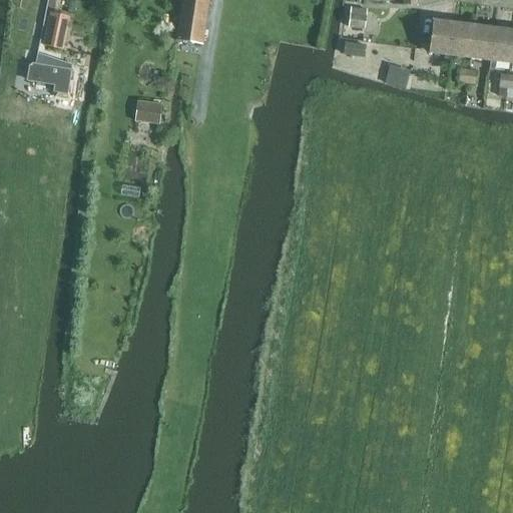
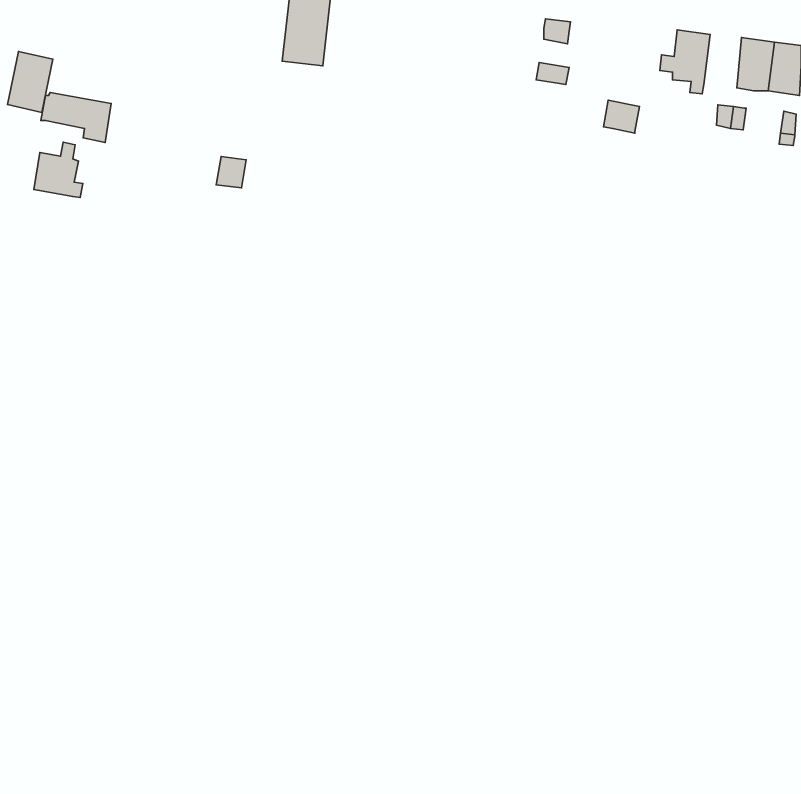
building: [42,9,71,48] -> [7,51,53,112]
building: [450,22,474,56] -> none
building: none -> [34,142,83,198]

